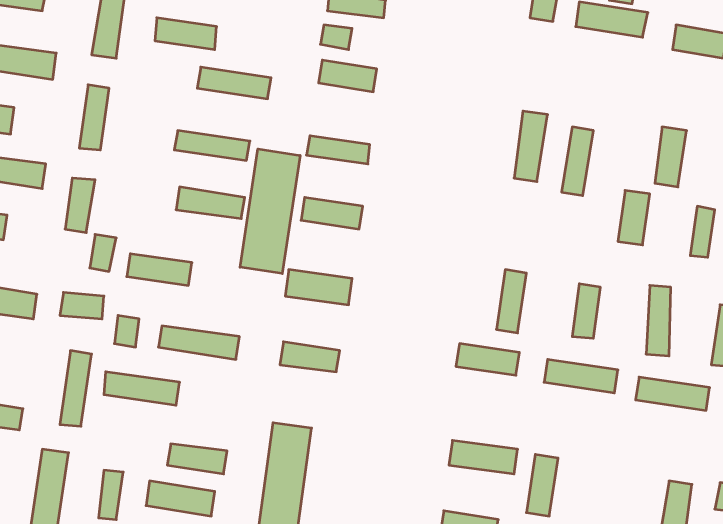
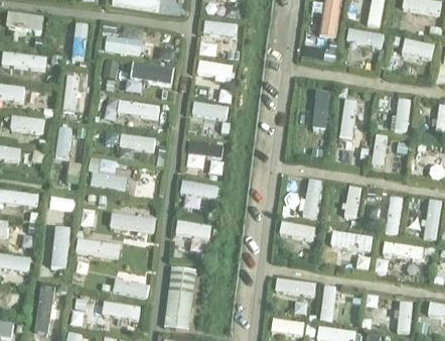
building: [240,149,300,274] -> none

